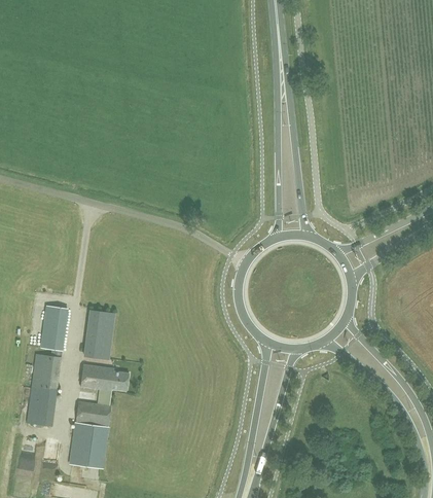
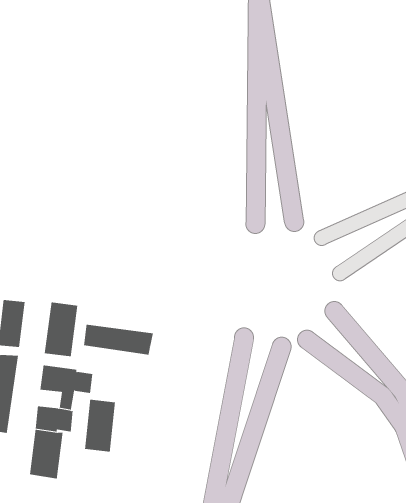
building: none -> [84,324,154,355]
building: none -> [84,399,116,452]

